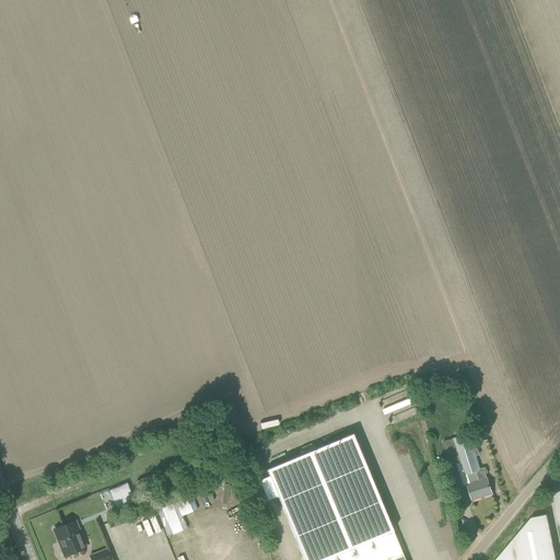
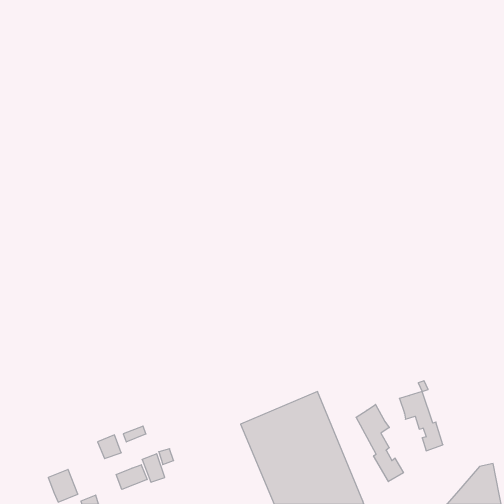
building: none -> [356,404,403,482]
building: none -> [116,465,147,489]

